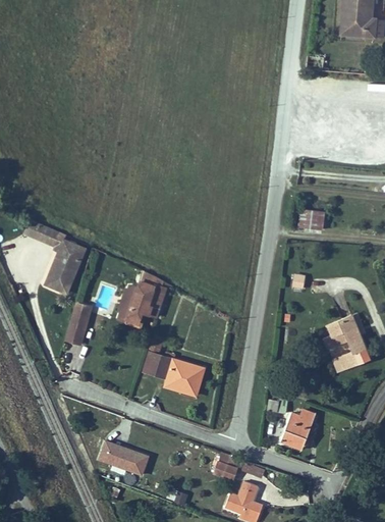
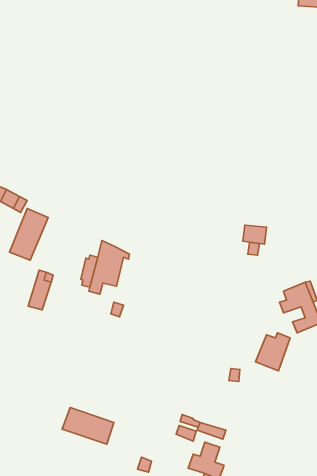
building: [300,211,325,230] -> [243,225,267,244]
building: [143,352,203,395] -> none
building: [277,409,313,448] -> [256,333,290,371]

